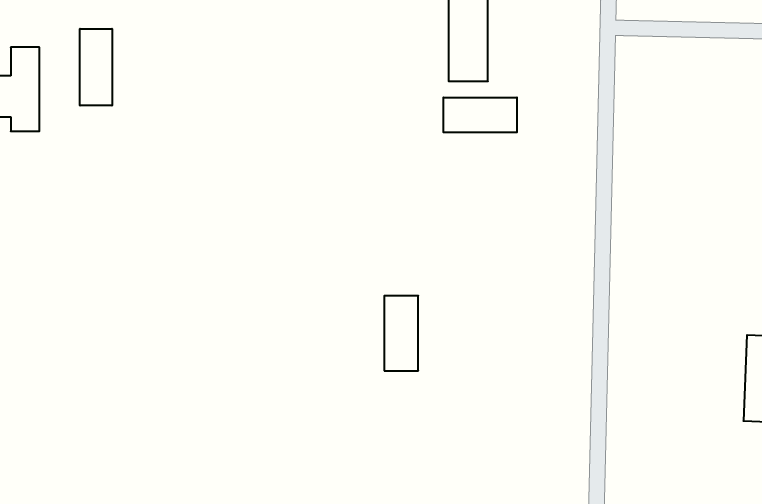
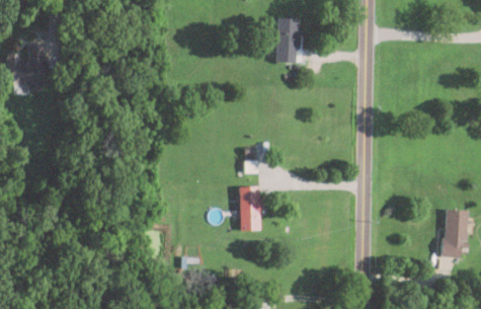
building: [80,29,112,106] -> none
building: [443,97,517,132] -> none

